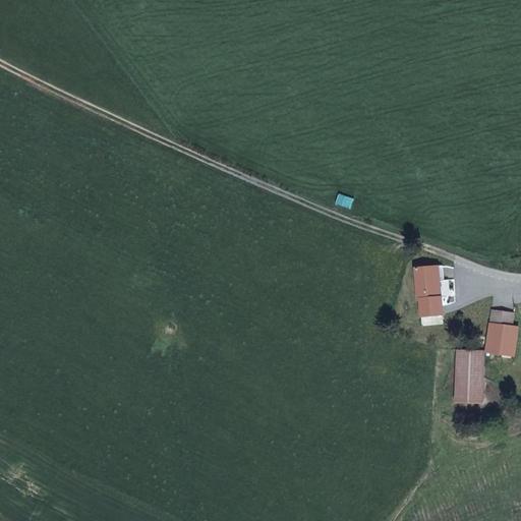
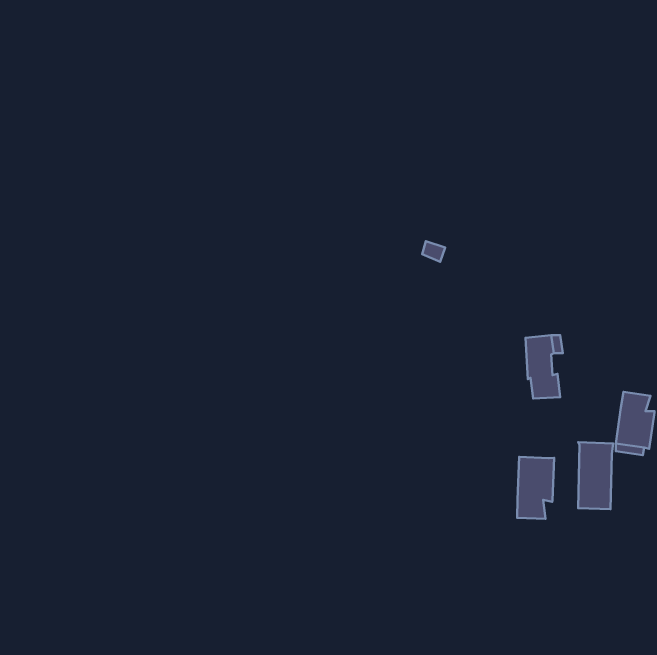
building: none -> [517,457,554,519]

